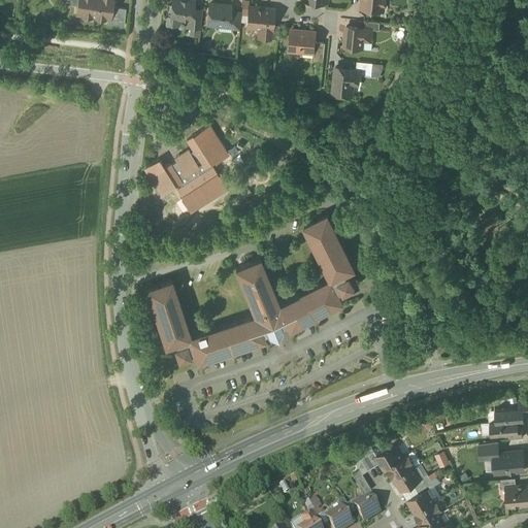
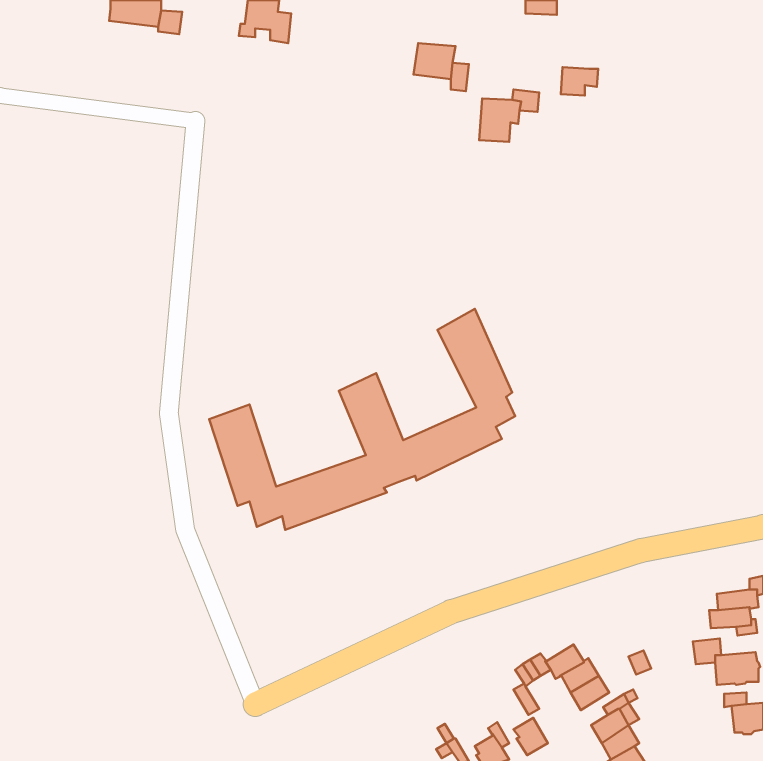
building: [207,5,240,31] -> none
building: [248,9,273,41] -> none
building: [344,30,370,50] -> [561,67,598,96]
building: [147,136,227,213] -> none

